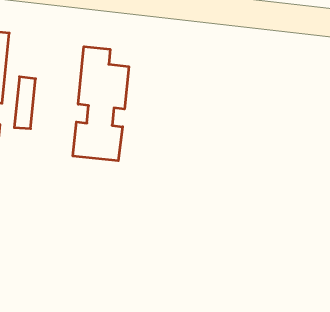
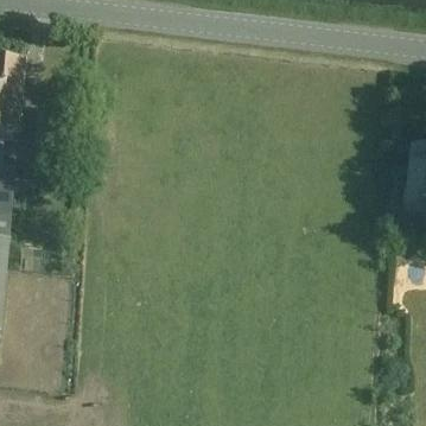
building: [73,47,129,161] -> none

